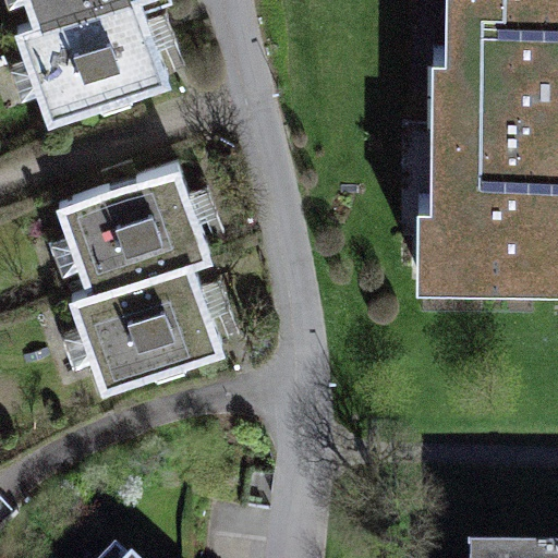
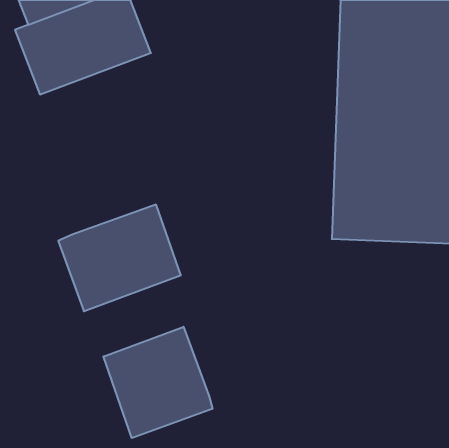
building: [59,161,214,293] -> none
building: none -> [103,327,212,438]

